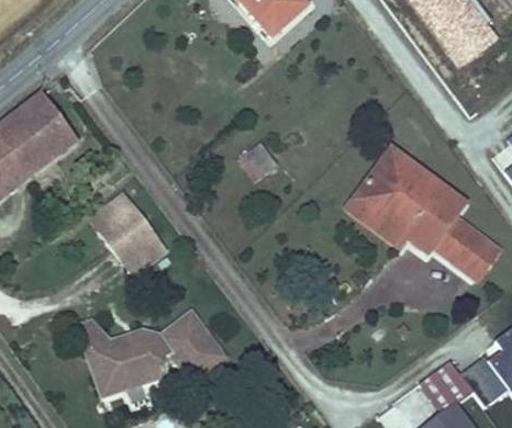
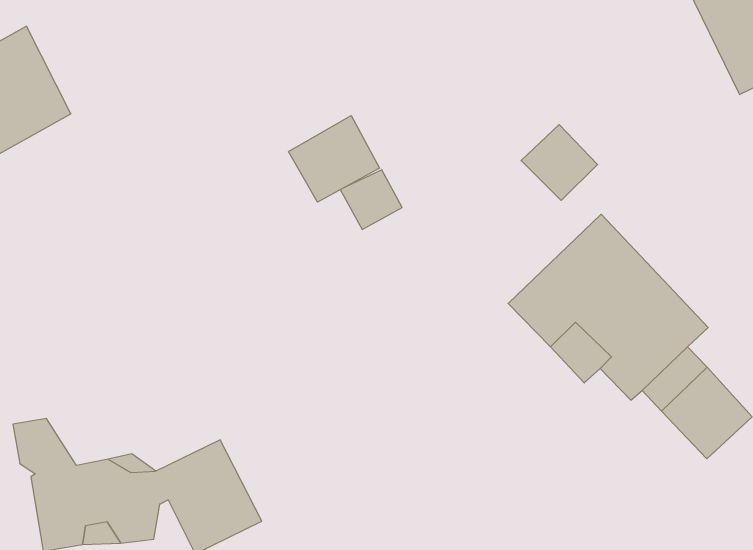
building: none -> [521,125,598,200]
building: none -> [289,116,379,202]
building: [90,193,169,278] -> none

